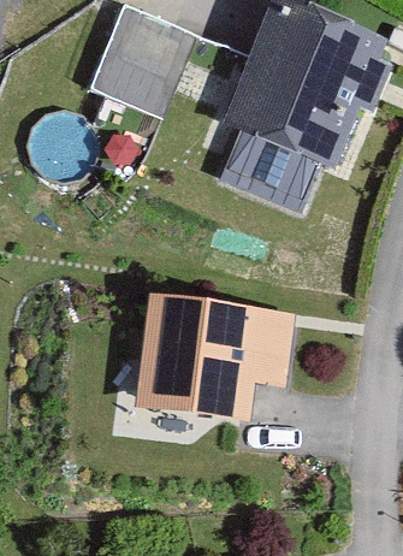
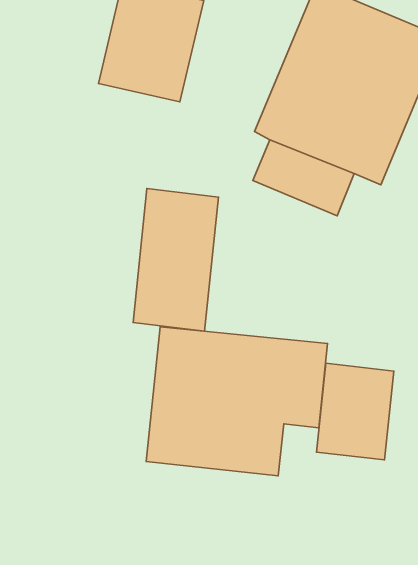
building: none -> [133,188,218,331]
building: none -> [316,363,394,460]

